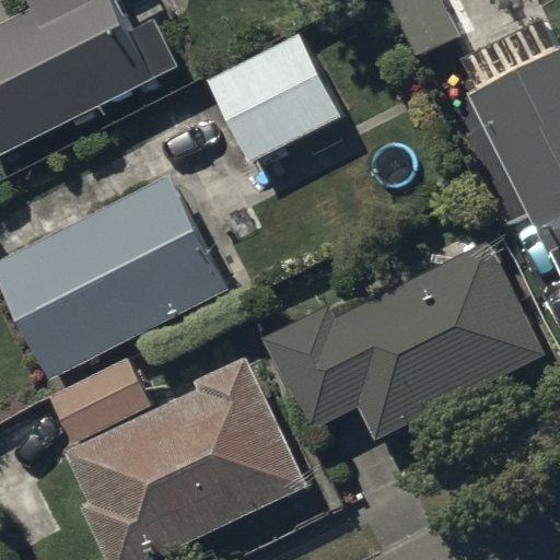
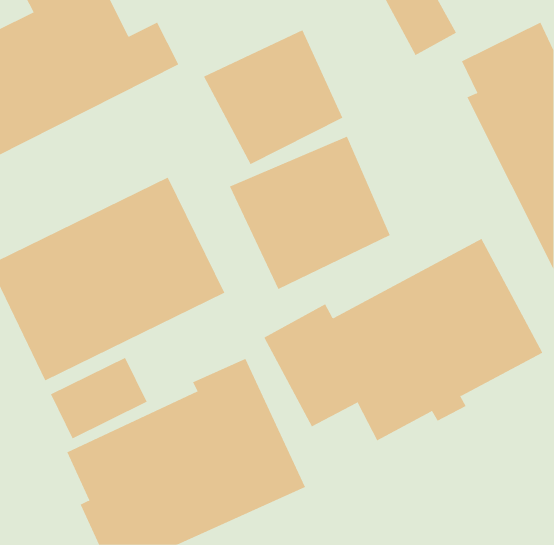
building: none -> [229,136,390,290]

